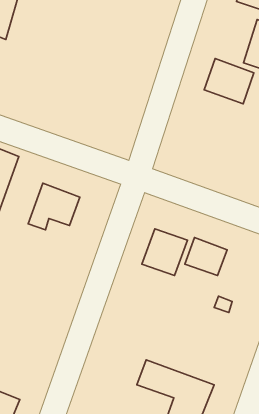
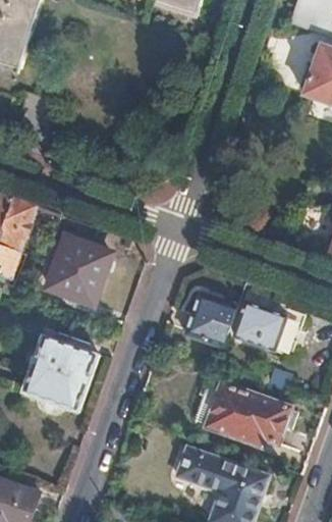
building: [204,59,254,104] -> none
building: none -> [21,333,97,410]
building: none -> [206,380,297,442]

